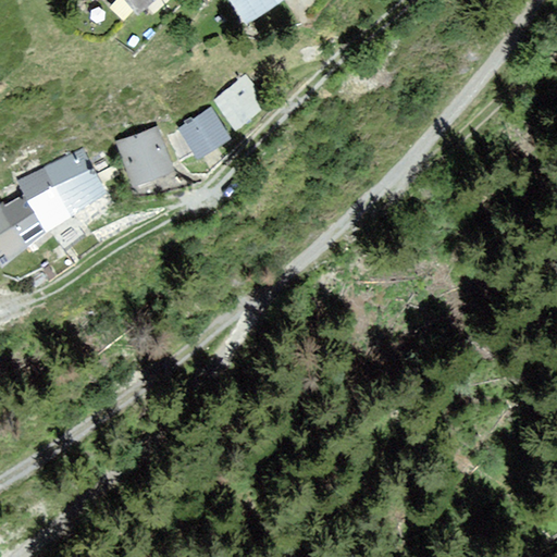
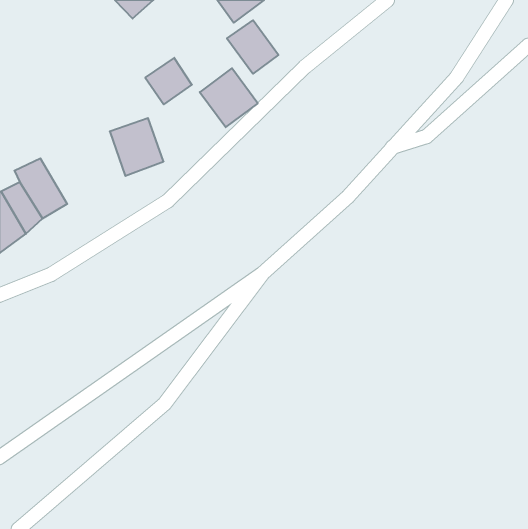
building: none -> [227,20,278,74]
building: [178,108,227,157] -> [145,58,192,104]
building: [42,148,103,214] -> none

